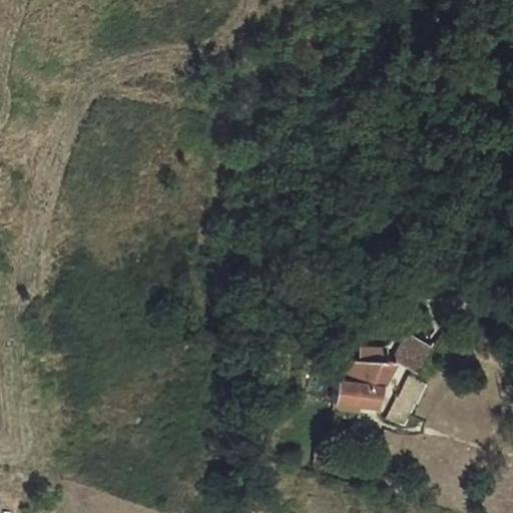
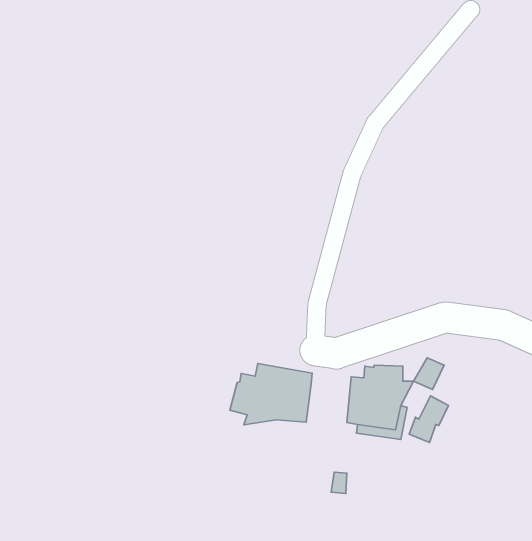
building: none -> [230,363,312,425]

